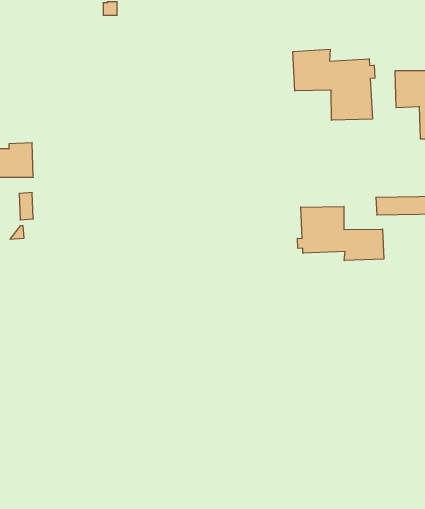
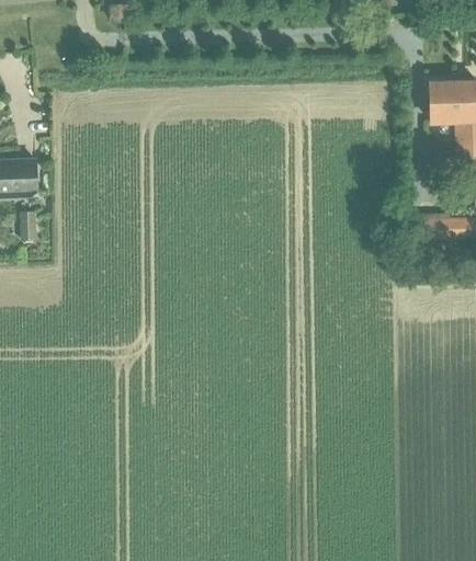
building: [293,49,375,120] -> none
building: [297,206,384,261] -> none

